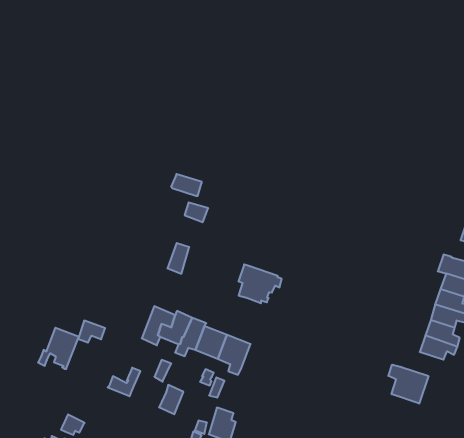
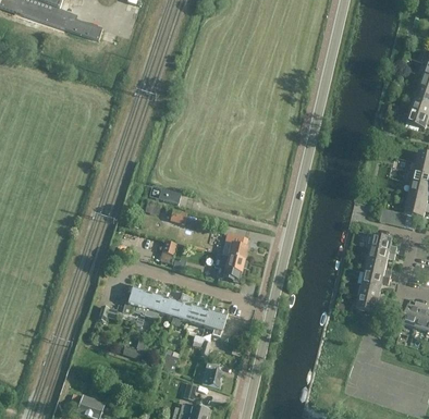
building: none -> [221,233,246,258]
building: [38,328,79,369] -> [122,283,151,313]
building: [388,365,428,404] -> none

